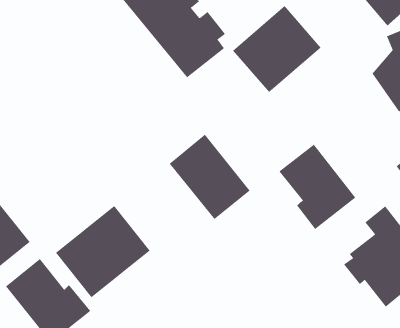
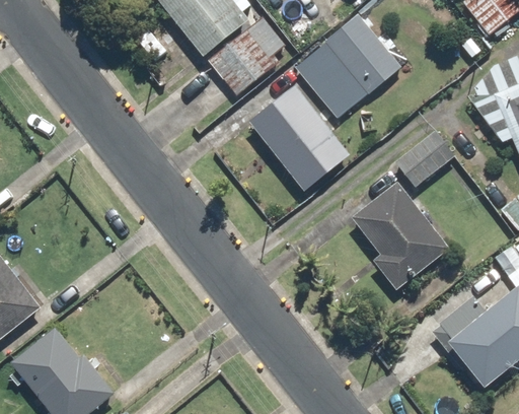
building: none -> [392,131,454,190]
building: [169,134,251,220] -> [248,83,351,191]
building: [55,205,151,298] -> none

